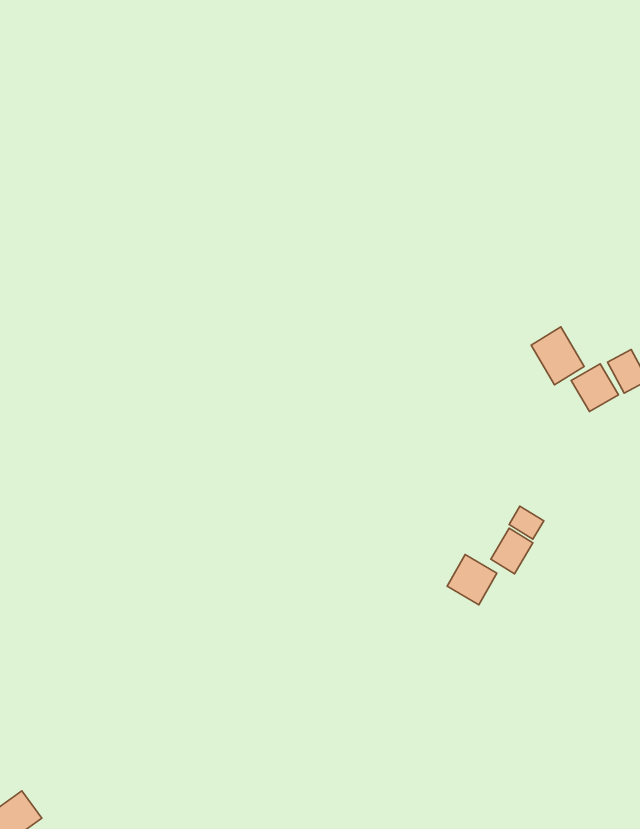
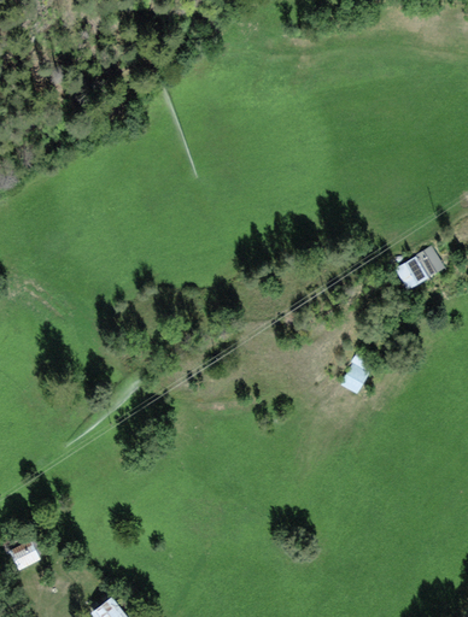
building: [531,327,584,385] -> none
building: [447,554,497,605] -> none

